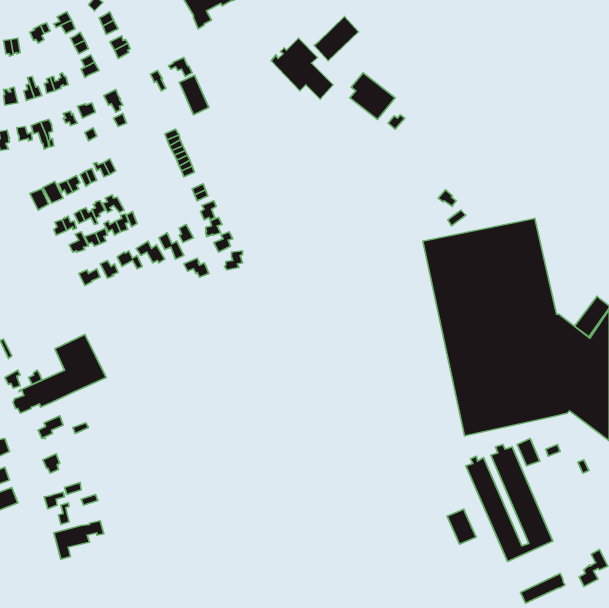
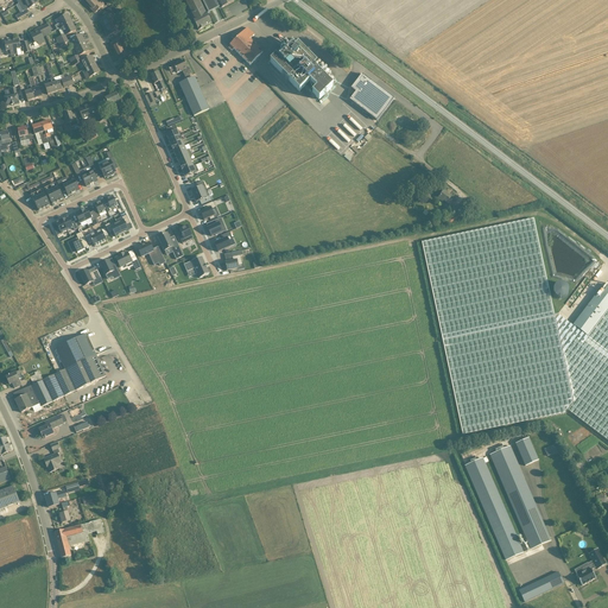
building: [314,16,359,61] -> none
building: none -> [228,26,261,63]
building: [447,509,476,544] -> none

